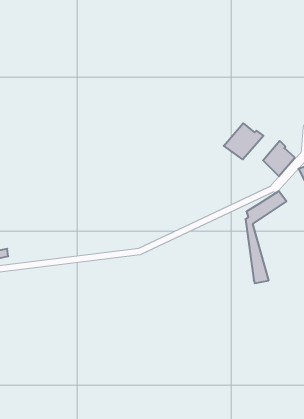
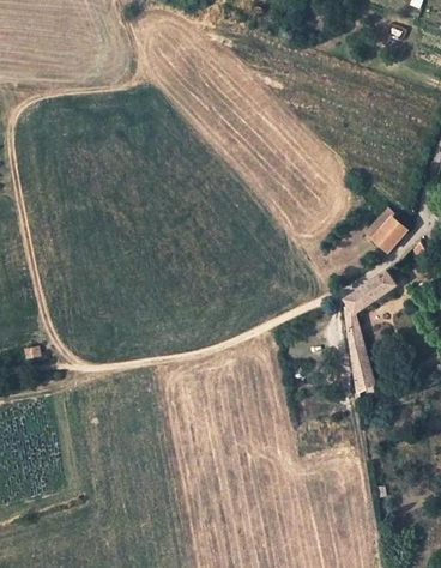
building: [224,123,263,159] -> none

